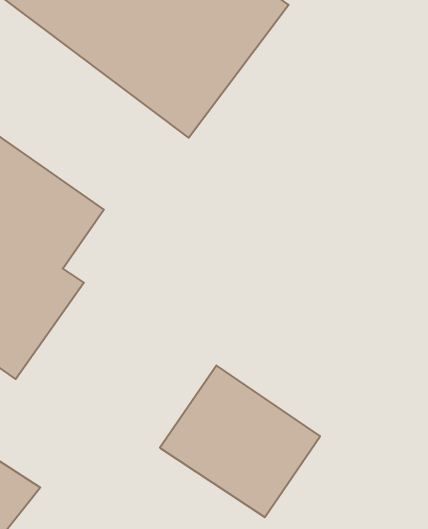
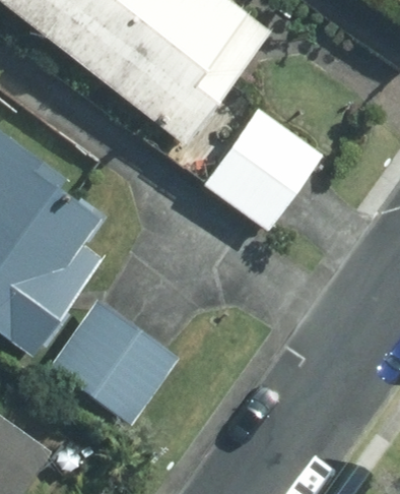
building: none -> [208,120,323,223]
building: [160,365,320,517] -> [51,298,189,429]

